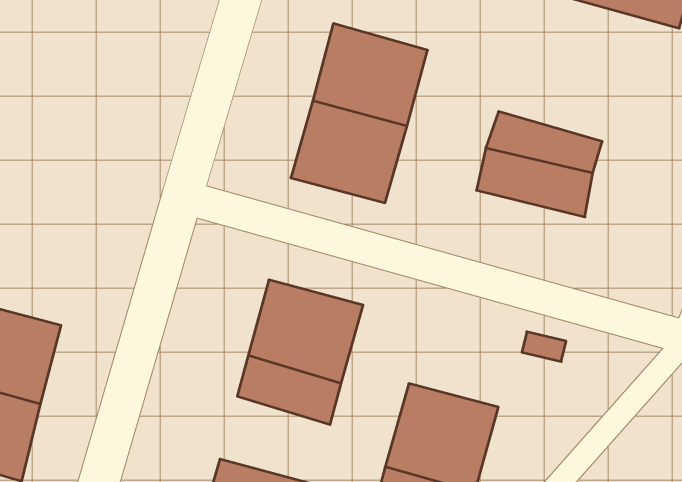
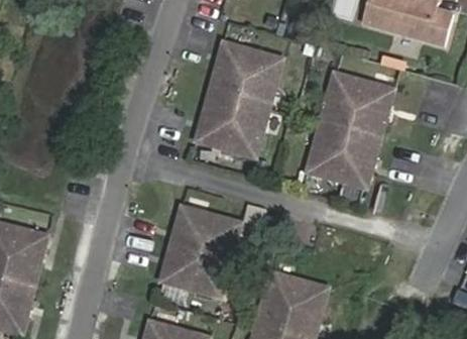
building: none -> [327,70,399,117]
building: none -> [307,148,382,193]

